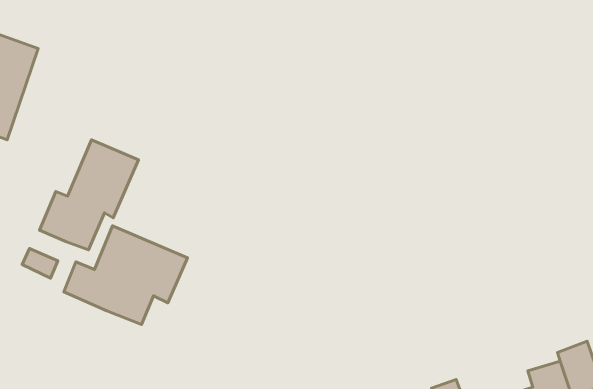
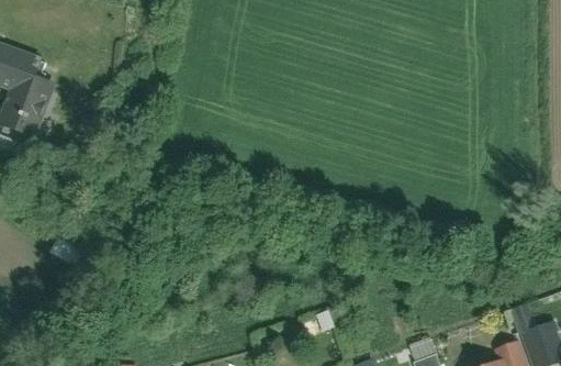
building: [40,140,138,250] -> none
building: [64,226,187,325] -> none

